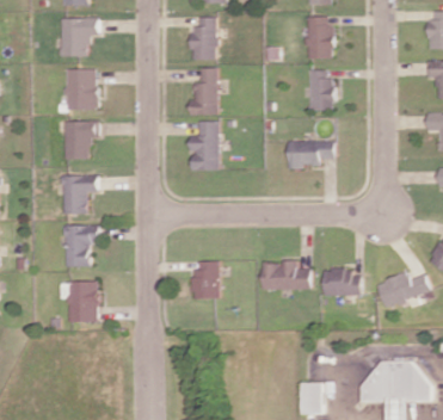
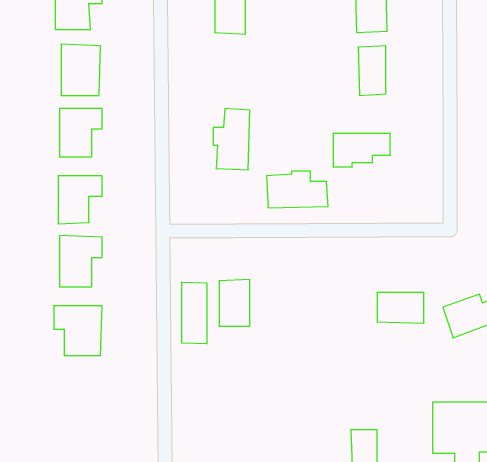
building: [192,68,217,115] -> none
building: [262,260,312,290] -> [267,171,328,208]
building: none -> [182,282,207,344]

